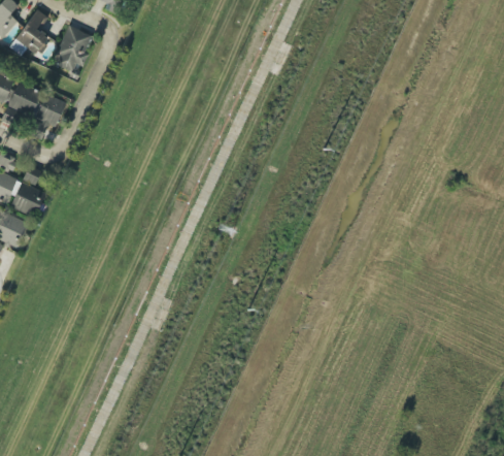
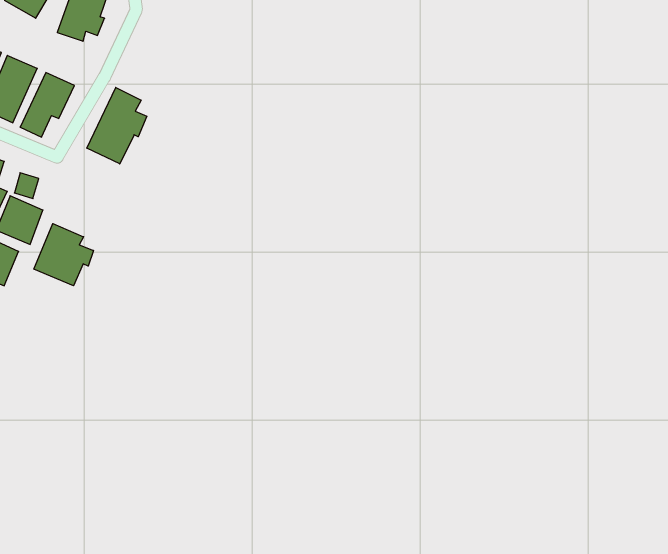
building: none -> [87,87,147,164]
building: none -> [34,224,93,286]

